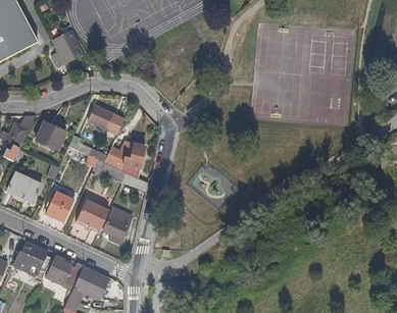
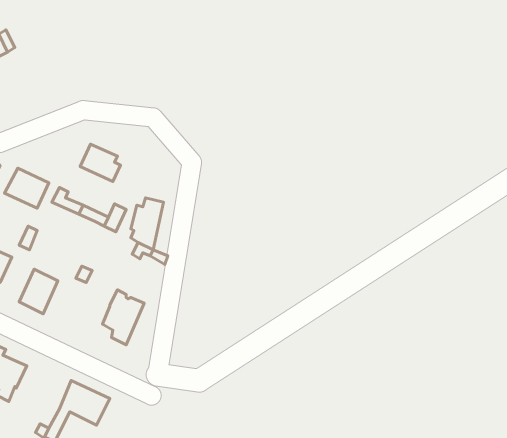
building: [51,32,84,67] -> none
building: [78,200,109,232] -> none
building: [47,255,84,286] -> none

